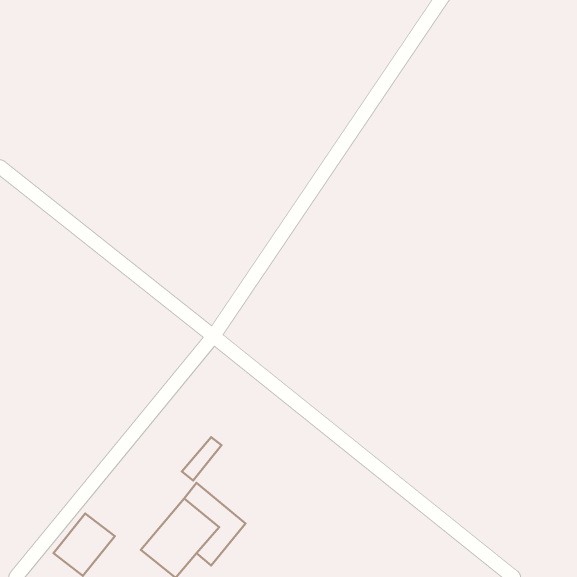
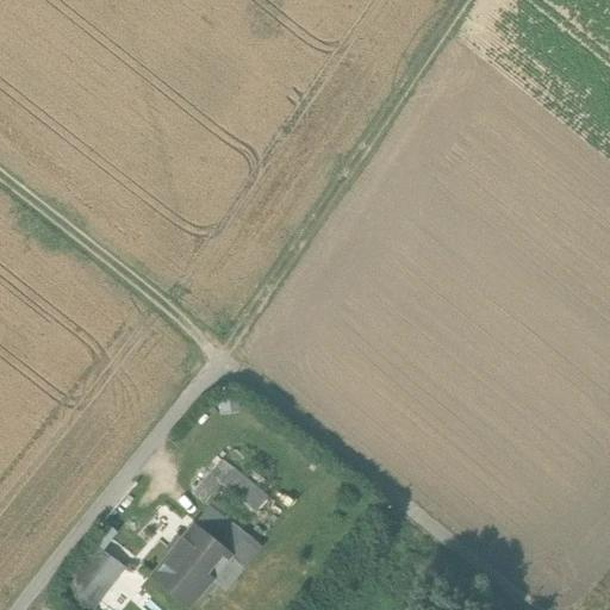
building: none -> [222,467,266,509]

